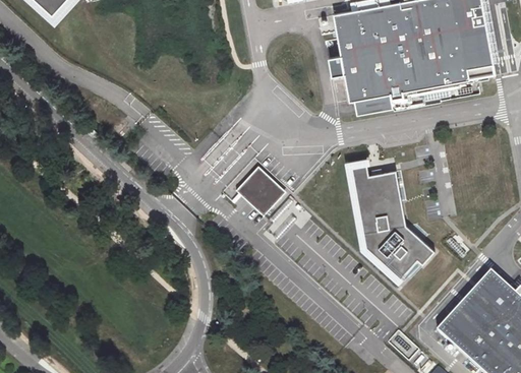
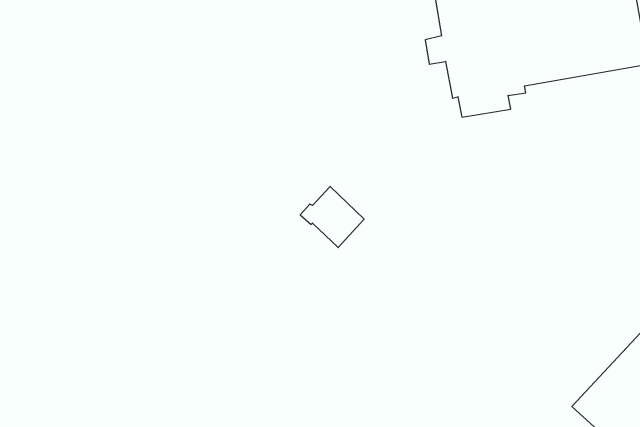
building: [347,161,432,279] -> none

